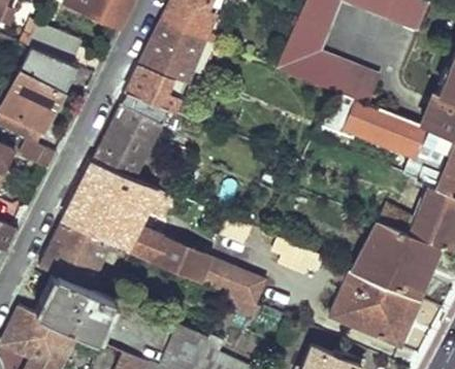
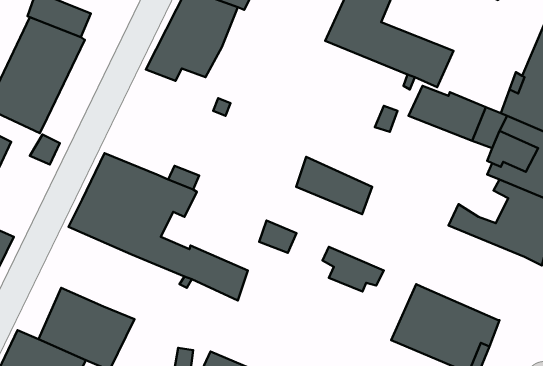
building: [91,91,162,177] -> none
building: [353,220,438,298] -> none
building: [39,221,112,287] -> none
building: [201,257,264,304] -> [296,157,372,214]

